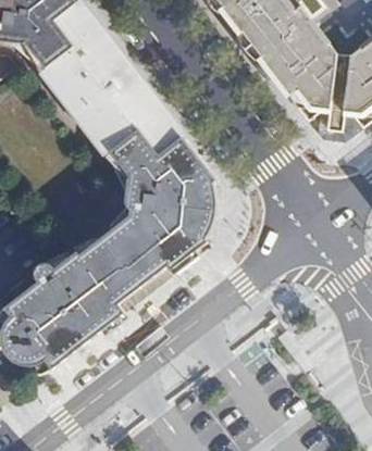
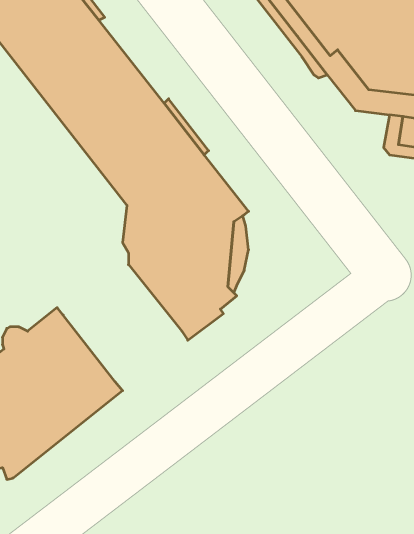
building: [79,216,166,302] -> none

